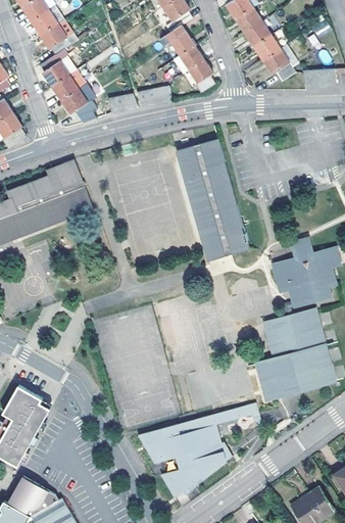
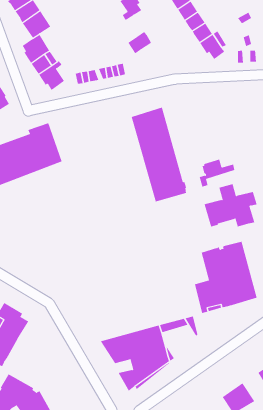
building: [159,25,194,55] -> none
building: [189,59,213,92] -> none
building: [281,281,327,317] -> [199,159,235,187]

